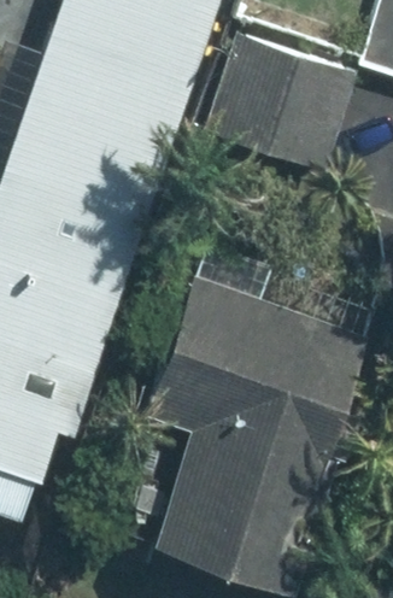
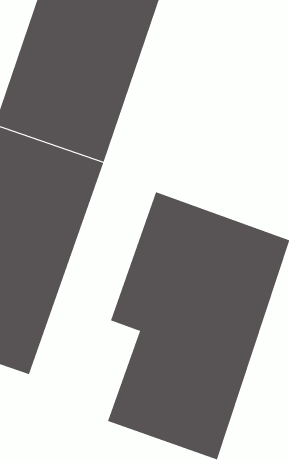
building: [205,37,358,174] -> none

